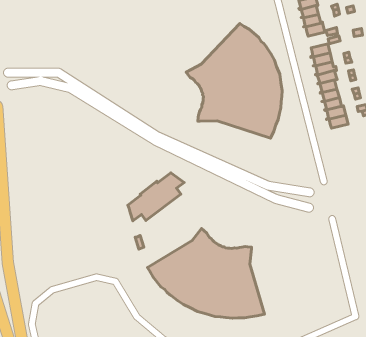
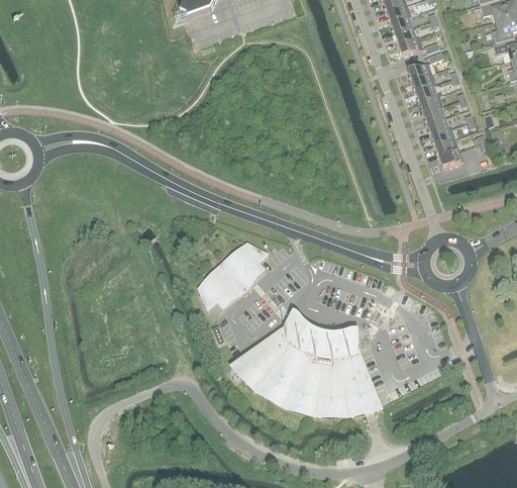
building: [186,23,282,138] -> none

